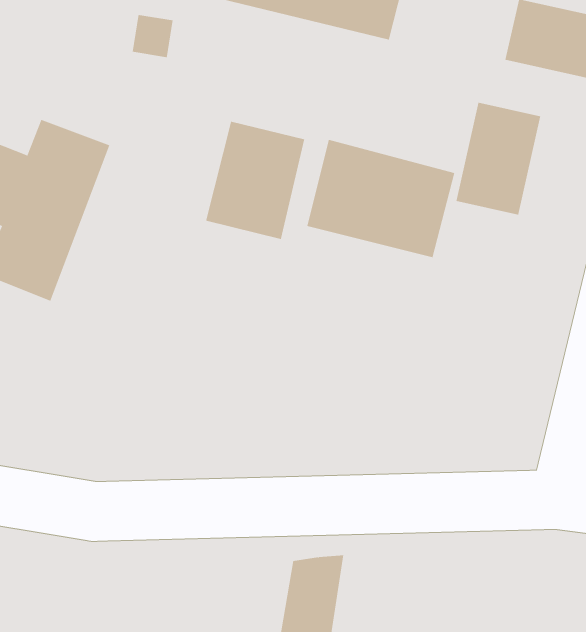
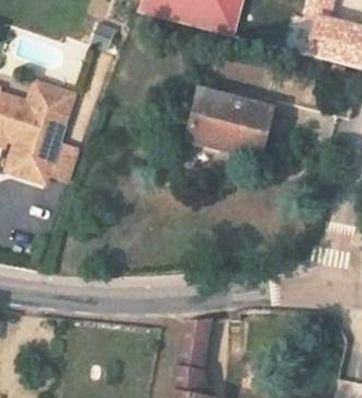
building: [456,102,541,215] -> none
building: [206,121,305,240] -> none

